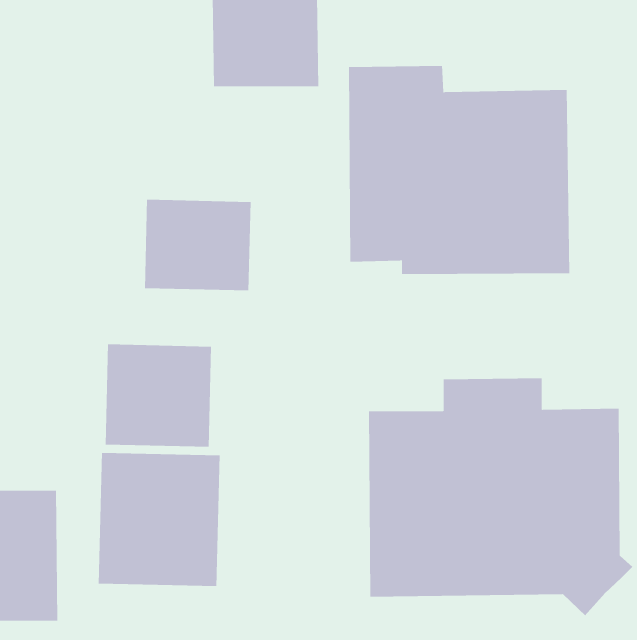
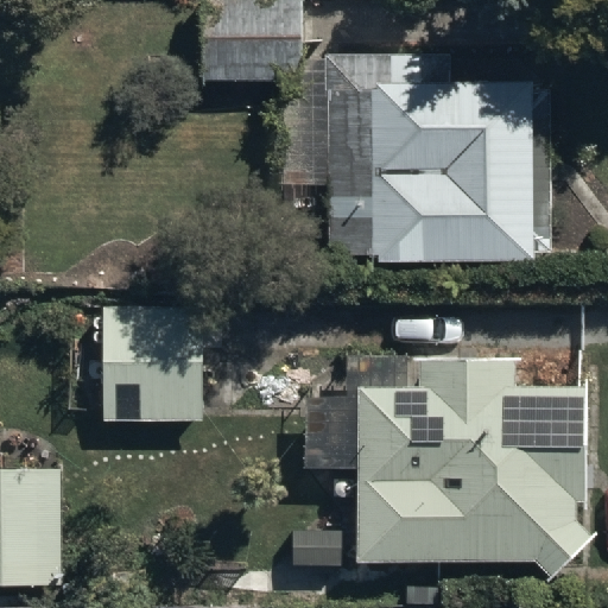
building: [145,199,251,291] -> none
building: [98,452,220,587] -> none

